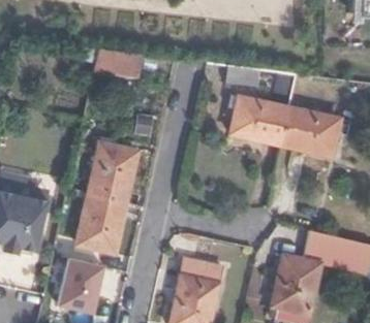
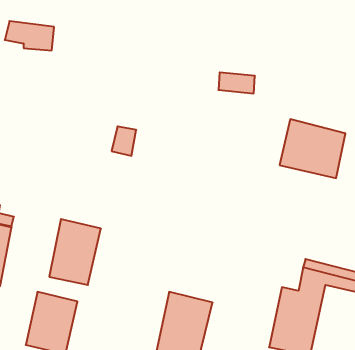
building: [96,49,140,74] -> [5,21,54,50]
building: [228,71,298,147] -> none
building: [89,144,135,202] -> none

